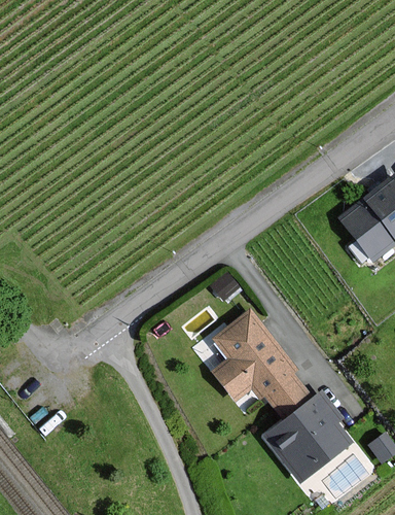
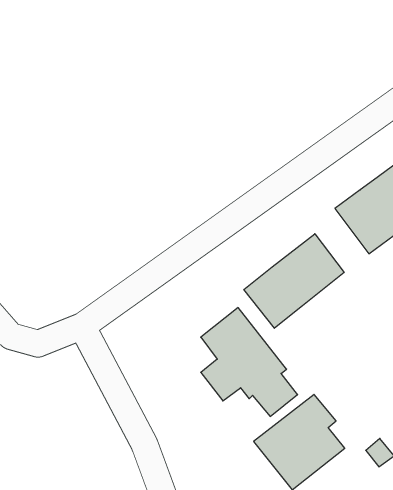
building: none -> [244,234,344,328]

